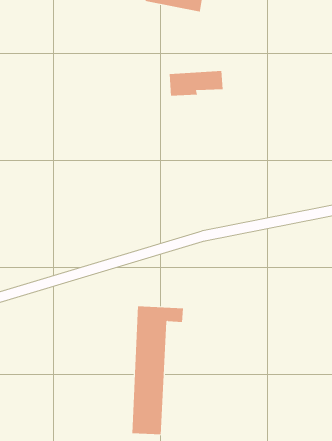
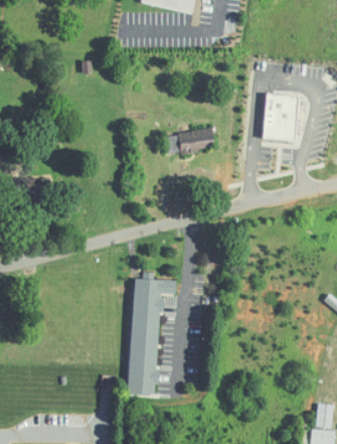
building: [169,71,223,96] -> [165,131,214,154]
building: none -> [264,95,298,140]

